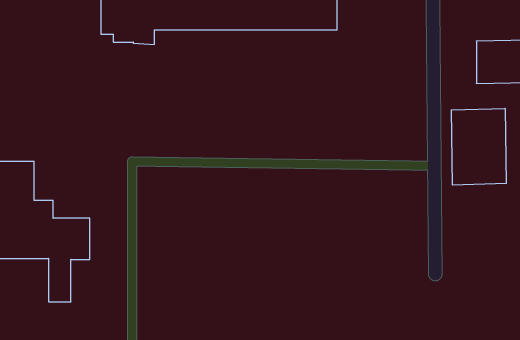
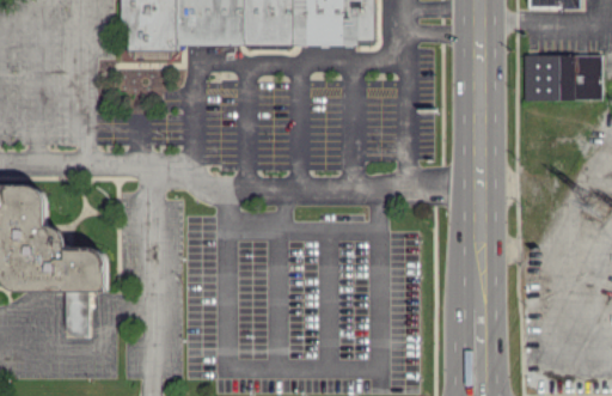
building: [451,108,506,185] -> none

